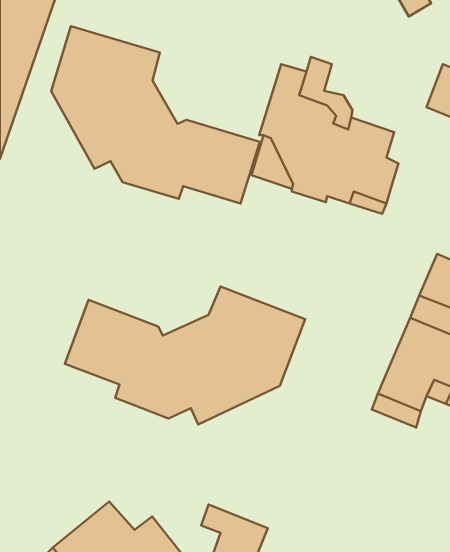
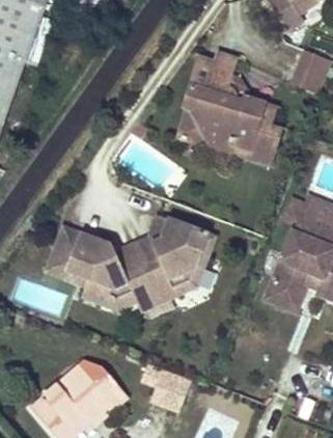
building: [51,26,260,204] -> none

